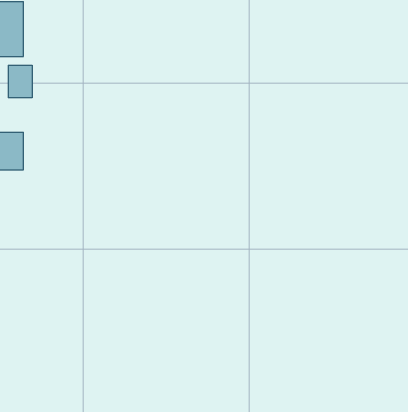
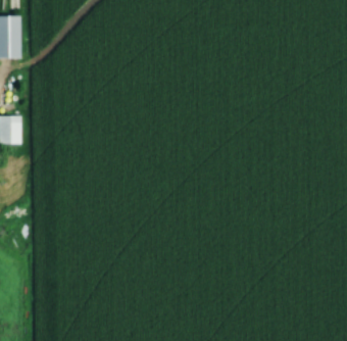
building: [8,65,32,98] -> none

